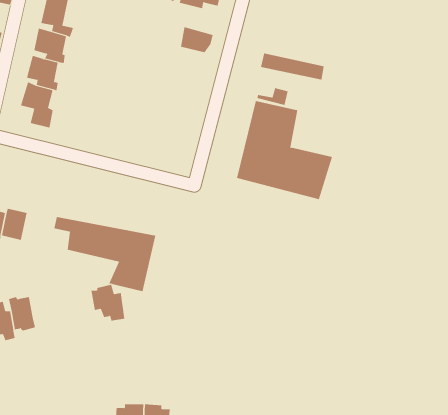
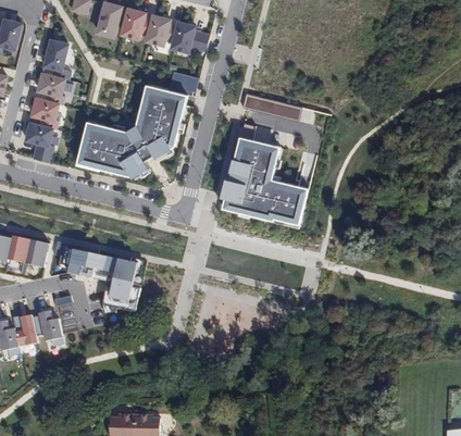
building: none -> [74,84,186,178]
building: none -> [25,239,50,267]
building: [91,284,125,321] -> [33,311,64,345]

